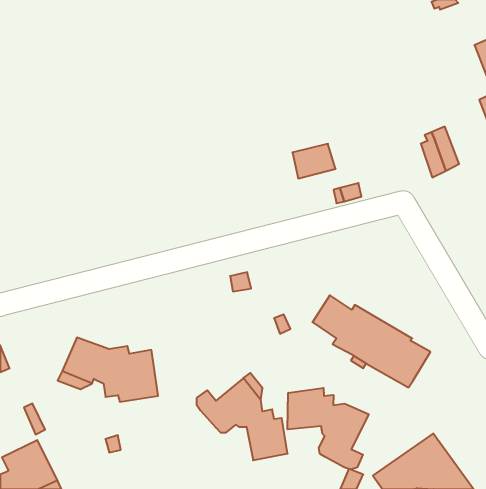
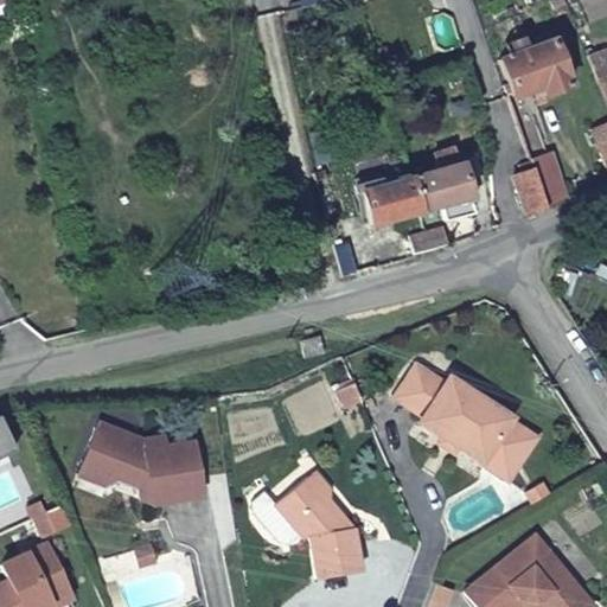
building: none -> [507,41,581,110]
building: none -> [410,147,474,219]
building: [288,388,369,469] -> none

